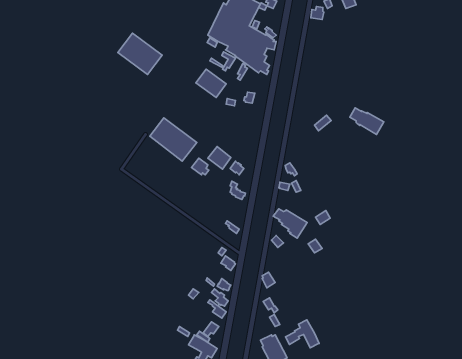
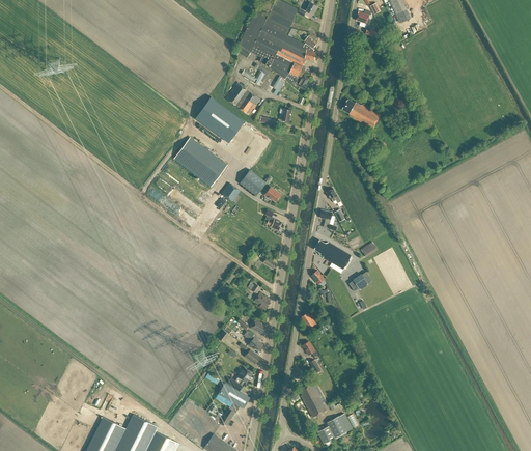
building: [118,33,162,75] -> [195,95,245,142]
building: [350,108,384,135] -> [342,100,381,130]
building: [285,320,319,348] -> none

